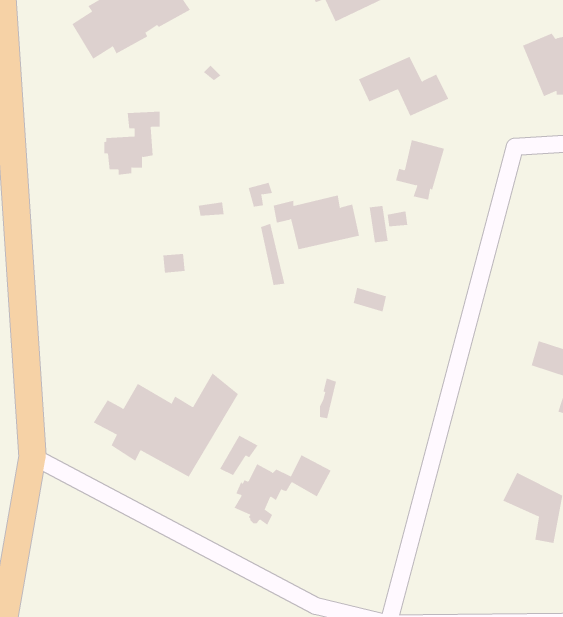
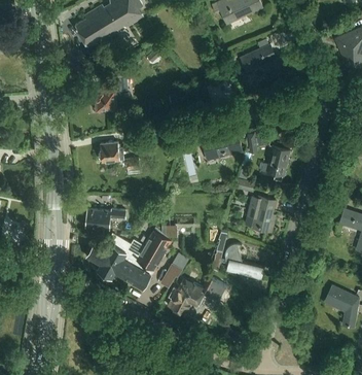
building: [395,140,445,200] -> [262,146,291,181]
building: none -> [98,142,123,162]
building: none -> [245,196,274,232]
building: none -> [85,209,125,230]
building: none -> [224,244,261,281]

